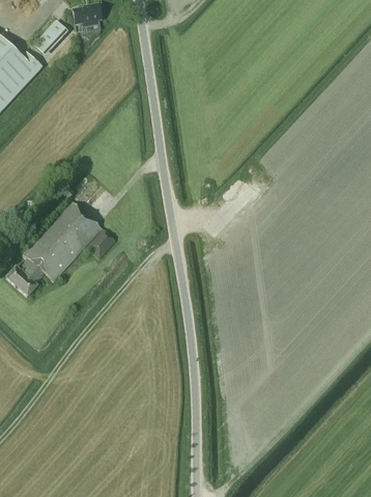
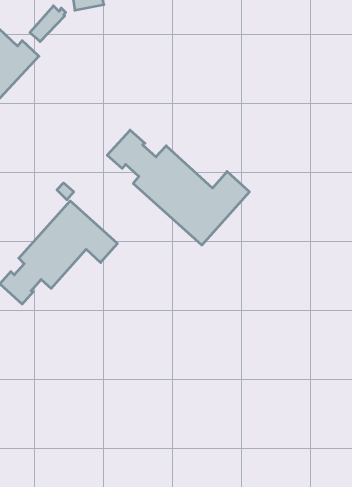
building: none -> [107,130,249,245]

